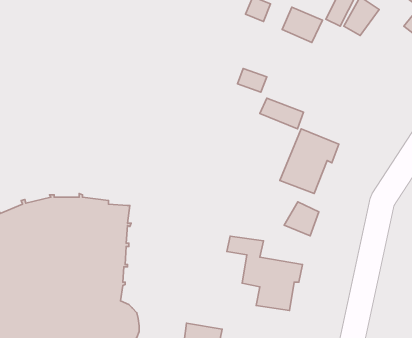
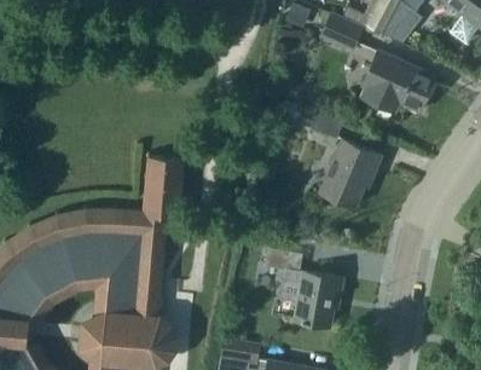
building: none -> [357,52,434,116]
building: none -> [141,152,186,222]
building: [284,202,319,236] -> none

